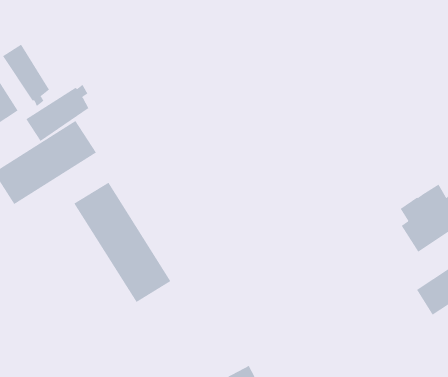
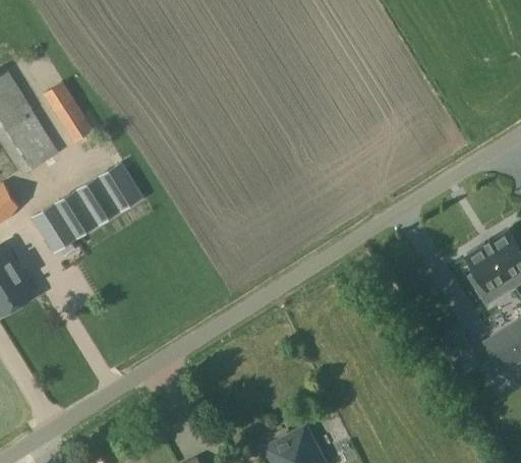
building: [26,84,89,142] -> none
building: [74,182,171,303] -> none

